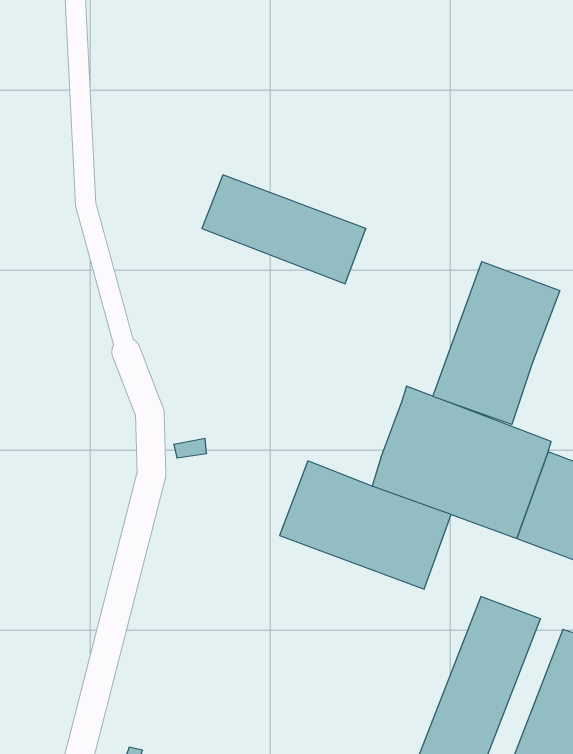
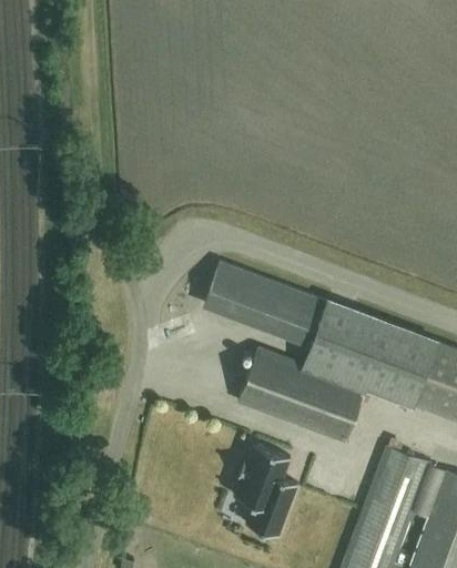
building: [202,175,366,284] -> [205,264,327,345]
building: [433,262,560,424] -> none
building: none -> [235,446,297,538]

